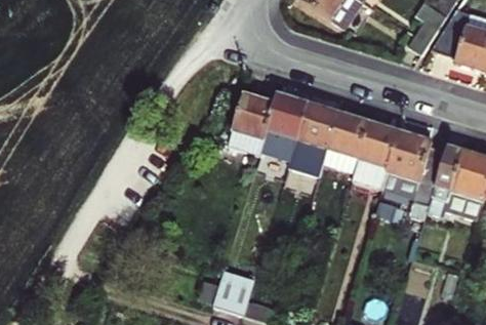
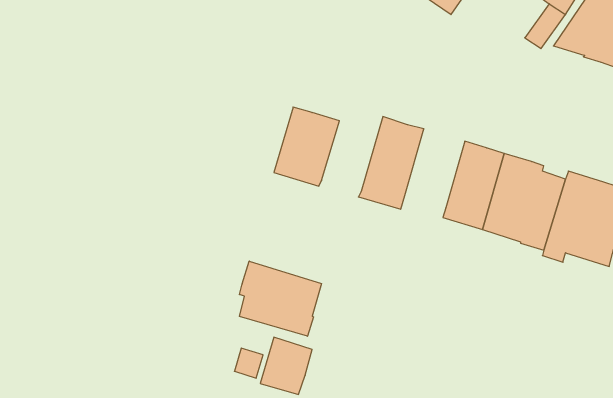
building: [260,92,307,158] -> none
building: [323,111,368,170] -> none
building: none -> [239,261,321,336]

